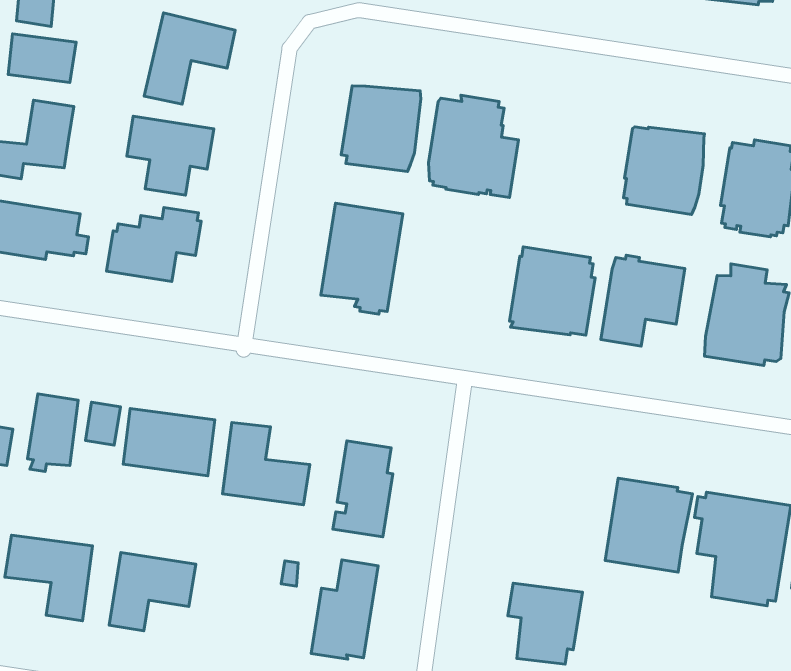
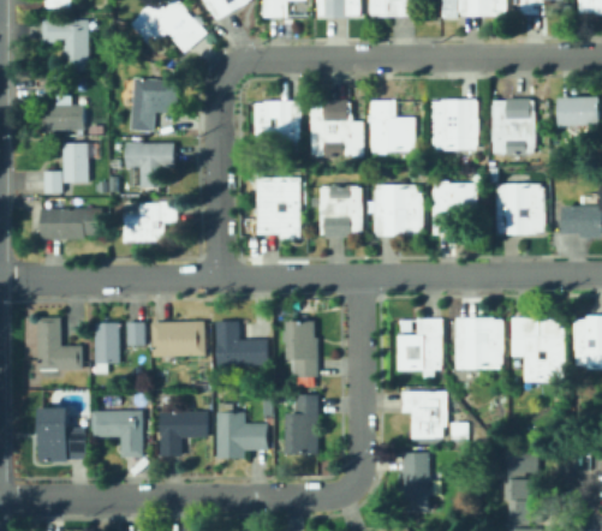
building: none -> [370,101,415,154]
building: none -> [320,184,362,237]
building: none -> [398,318,442,372]
building: none -> [216,412,267,458]

